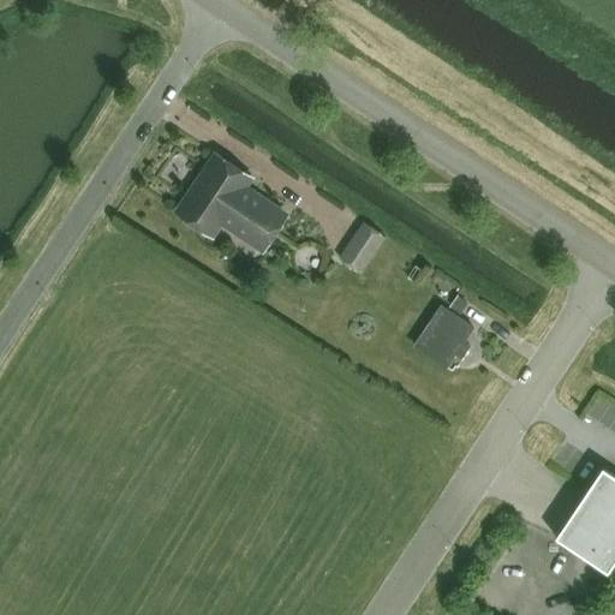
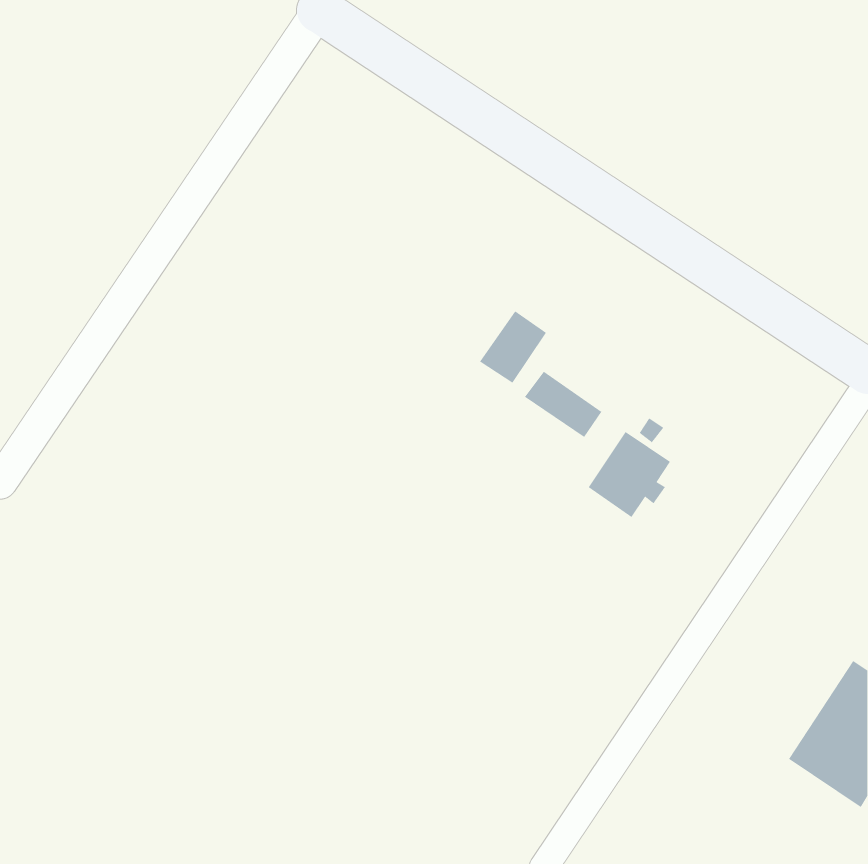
building: [183,156,286,251] -> none
building: none -> [524,371,602,438]

